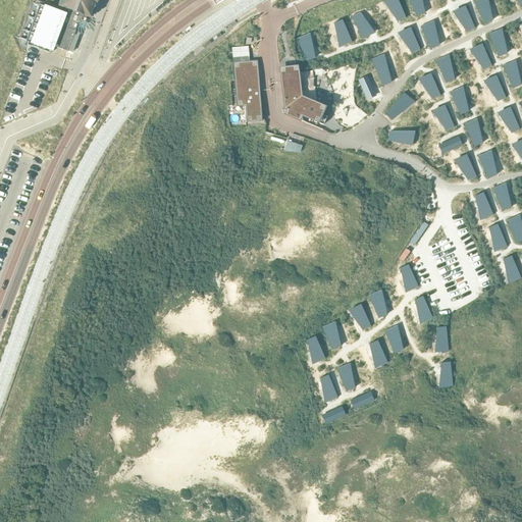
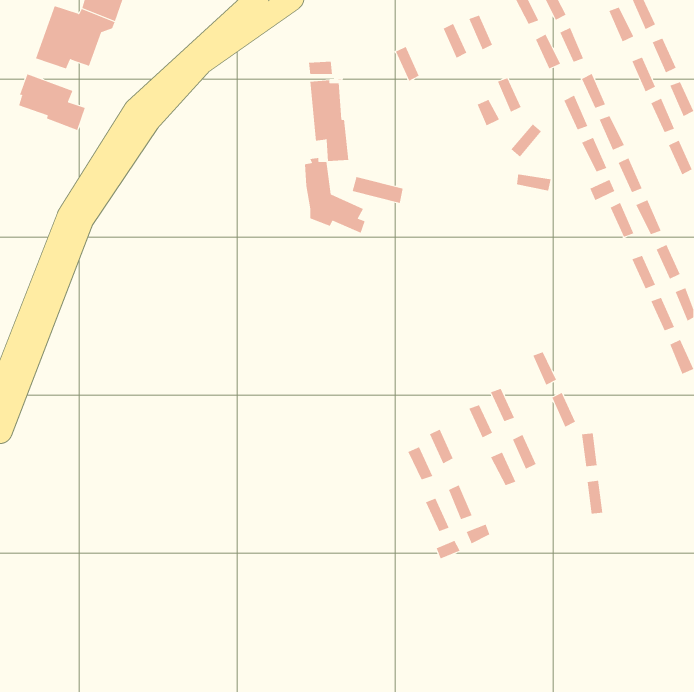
building: none -> [15,73,86,131]
building: [280,67,326,124] -> [304,157,365,233]

